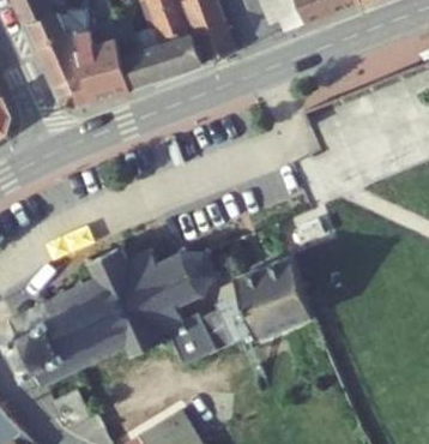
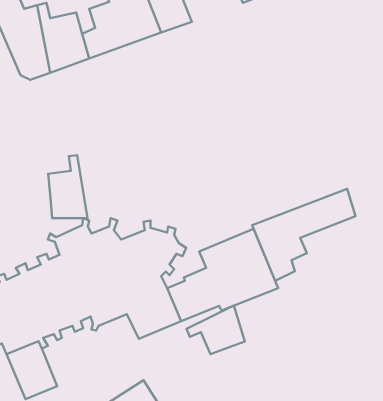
building: none -> [48,155,88,218]
building: none -> [252,189,355,281]
building: none -> [187,306,245,354]

